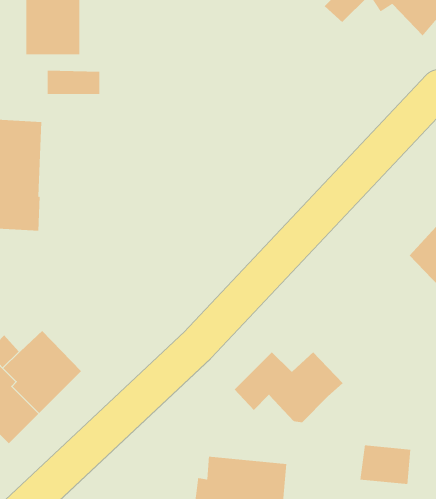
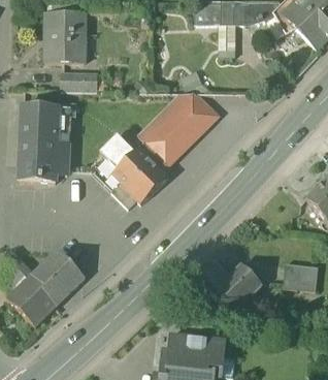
building: none -> [144,93,217,165]
building: none -> [100,135,169,203]
building: [360,445,411,484] -> [284,263,319,290]

